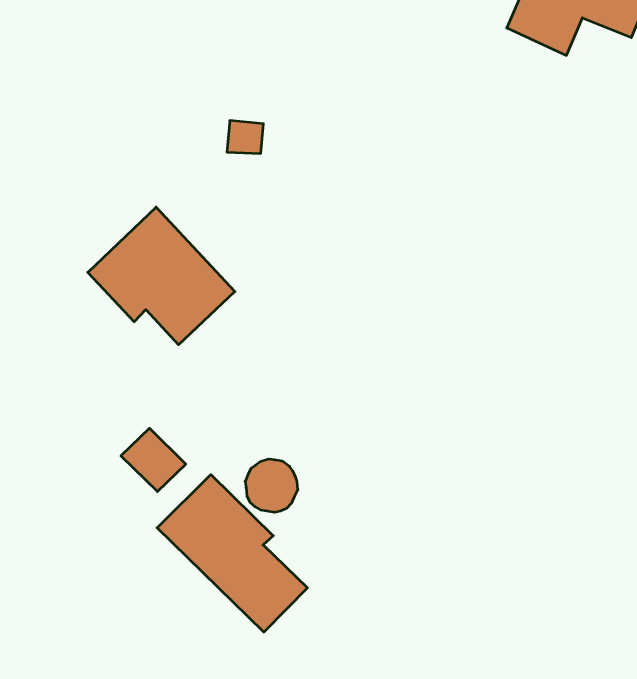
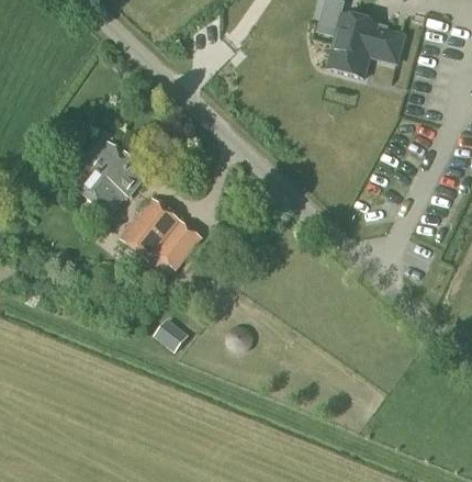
building: none -> [70,141,144,213]
building: [157,475,307,632] -> none

